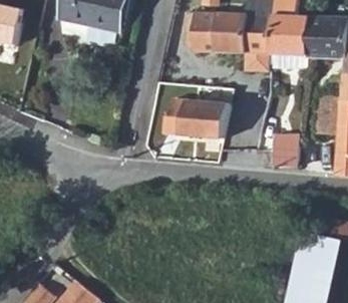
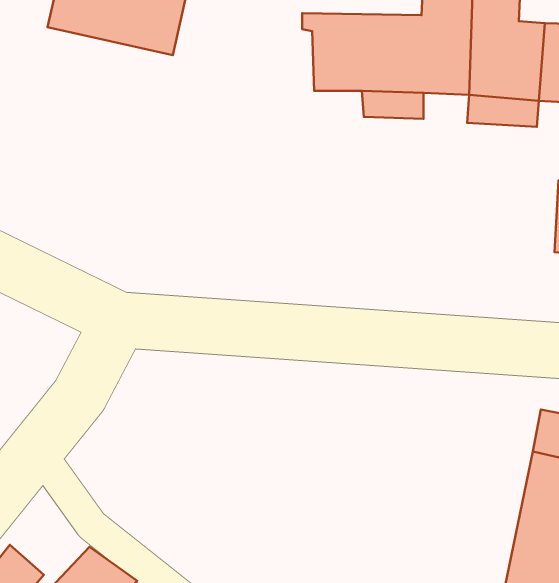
building: [163,100,230,140] -> none
building: [270,135,299,169] -> none

